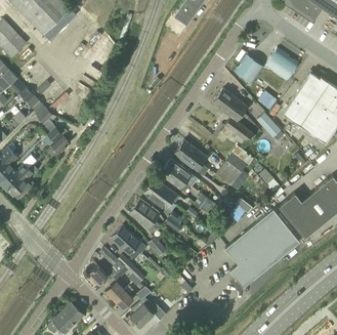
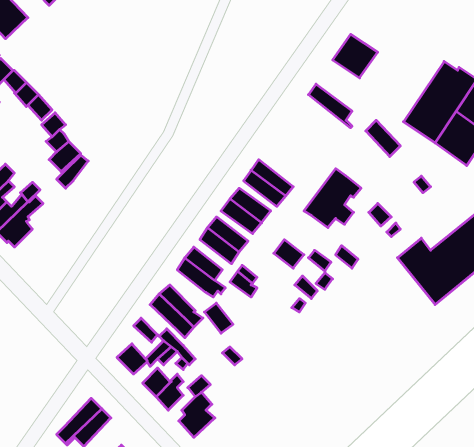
building: [264,47,299,81] -> none
building: [212,95,254,145] -> none
building: [226,209,299,287] -> none

